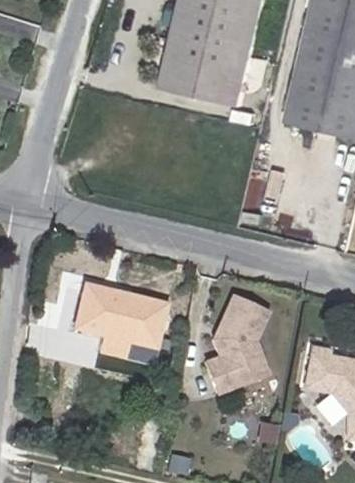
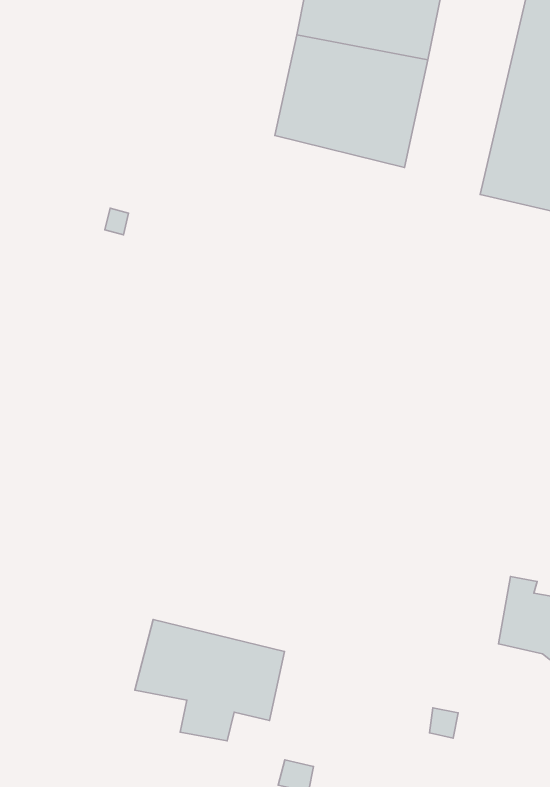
building: [72,283,161,355] -> [135,620,285,741]
building: [206,296,267,395] -> none

